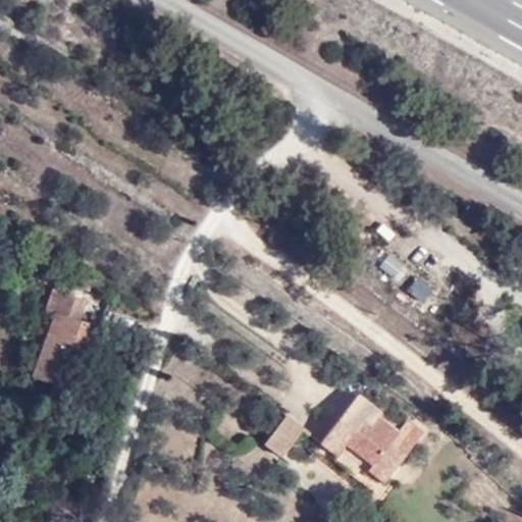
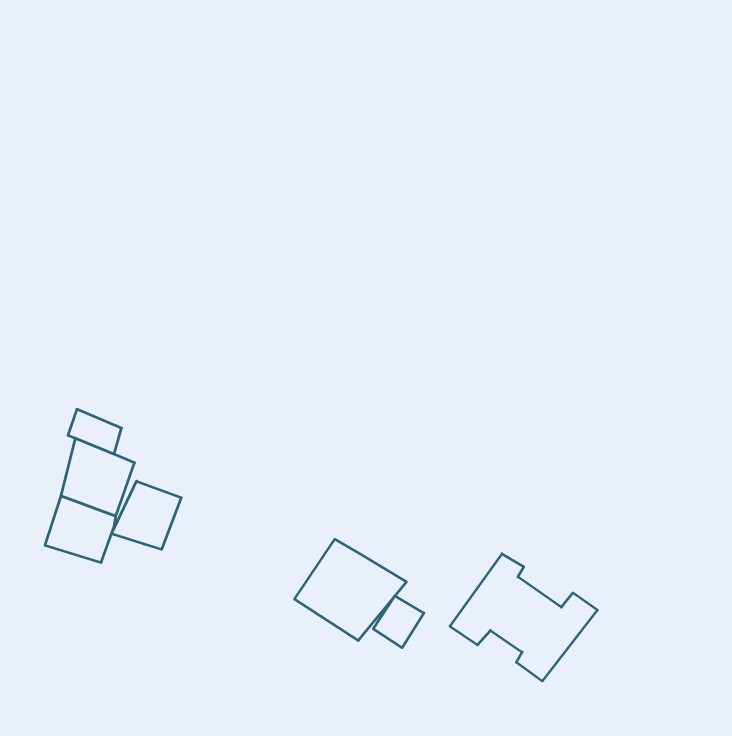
building: none -> [112,481,181,549]
building: none -> [295,539,406,641]

